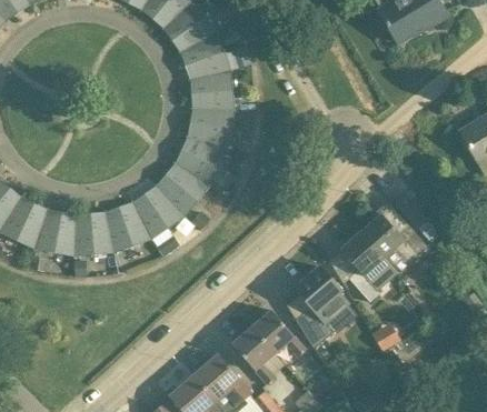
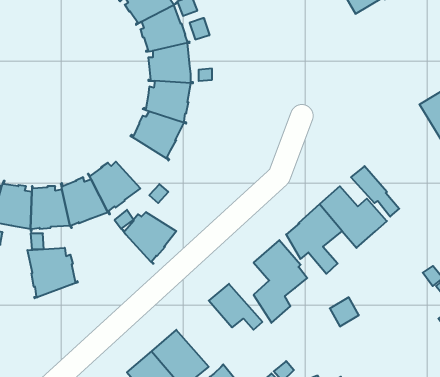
building: [155,167,208,218] -> [122,212,176,264]
building: none -> [27,248,78,298]
building: [231,326,274,383] -> none

